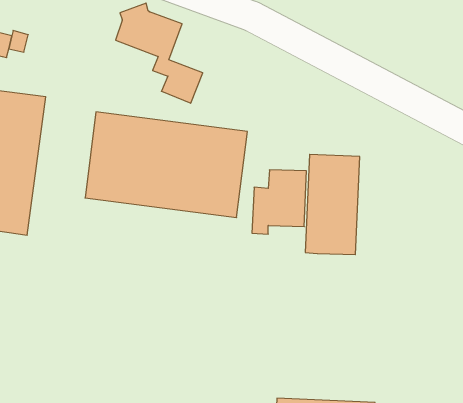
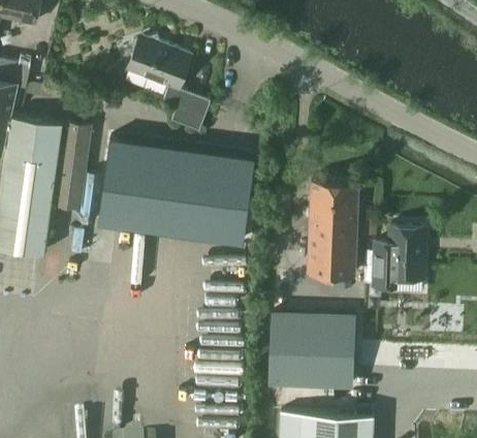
building: none -> [56,129,89,212]
building: [252,170,306,234] -> [373,229,424,290]
building: none -> [271,313,354,387]

